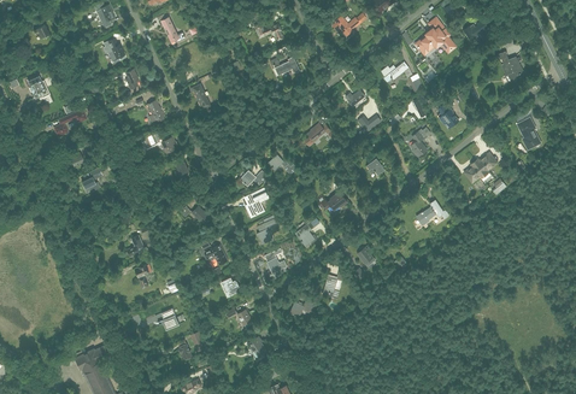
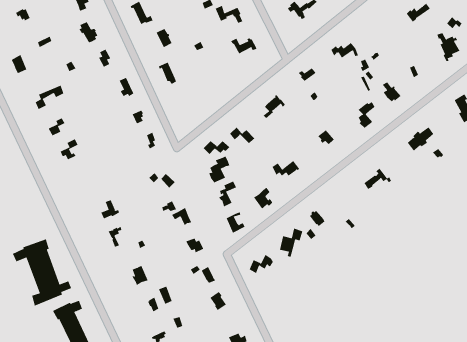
building: [416,20,455,54] -> none
building: none -> [12,238,72,306]

